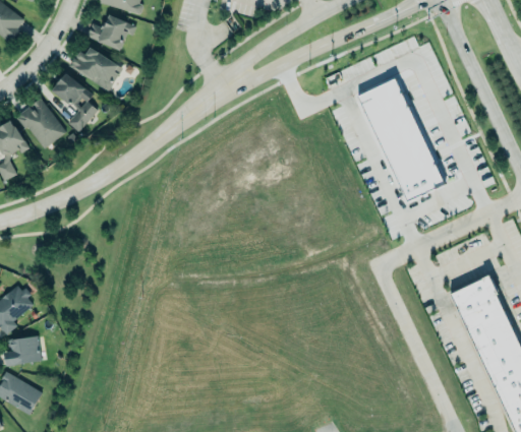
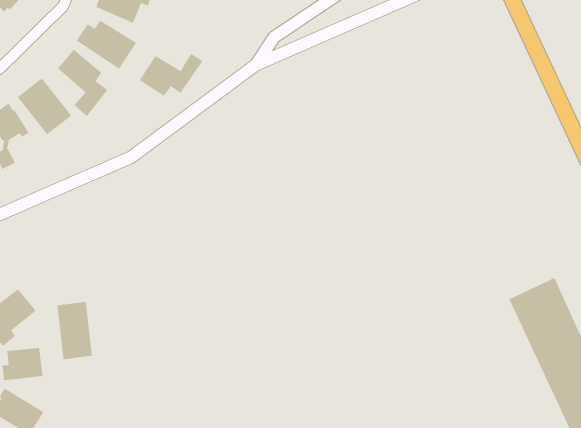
building: none -> [139,53,203,97]
building: [358,77,442,200] -> none
building: none -> [57,301,92,360]

